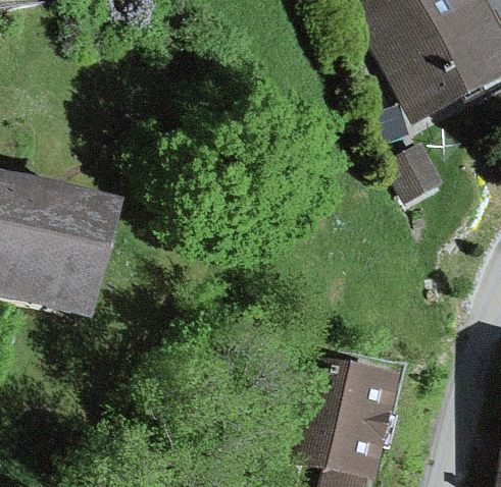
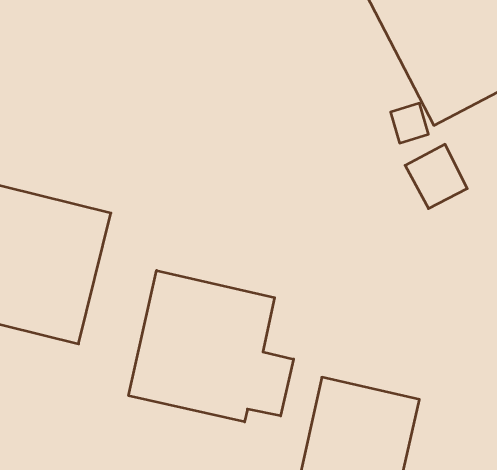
building: none -> [129,270,294,422]

